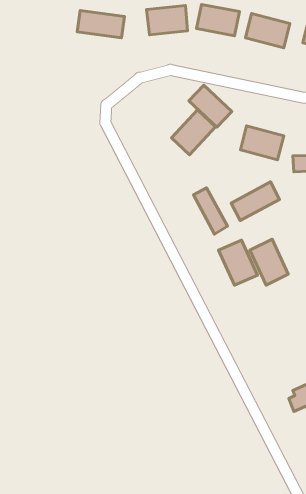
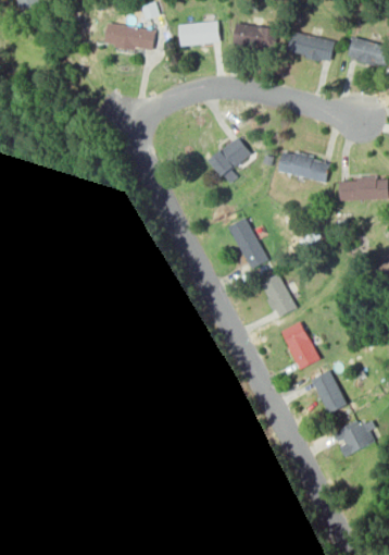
building: [189,85,232,127] -> none
building: [231,182,279,221] -> none
building: [250,239,288,285] -> [278,325,319,375]
building: none -> [308,371,348,419]

